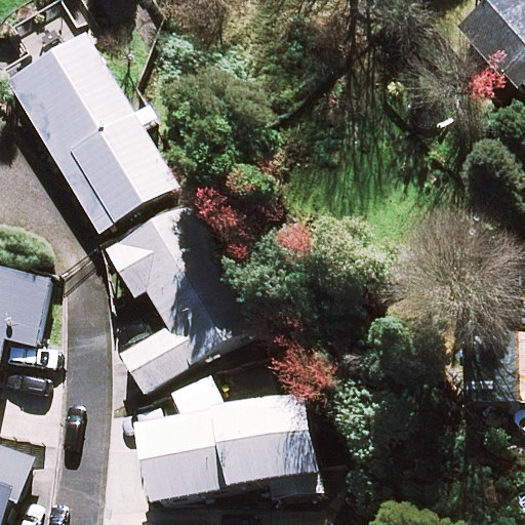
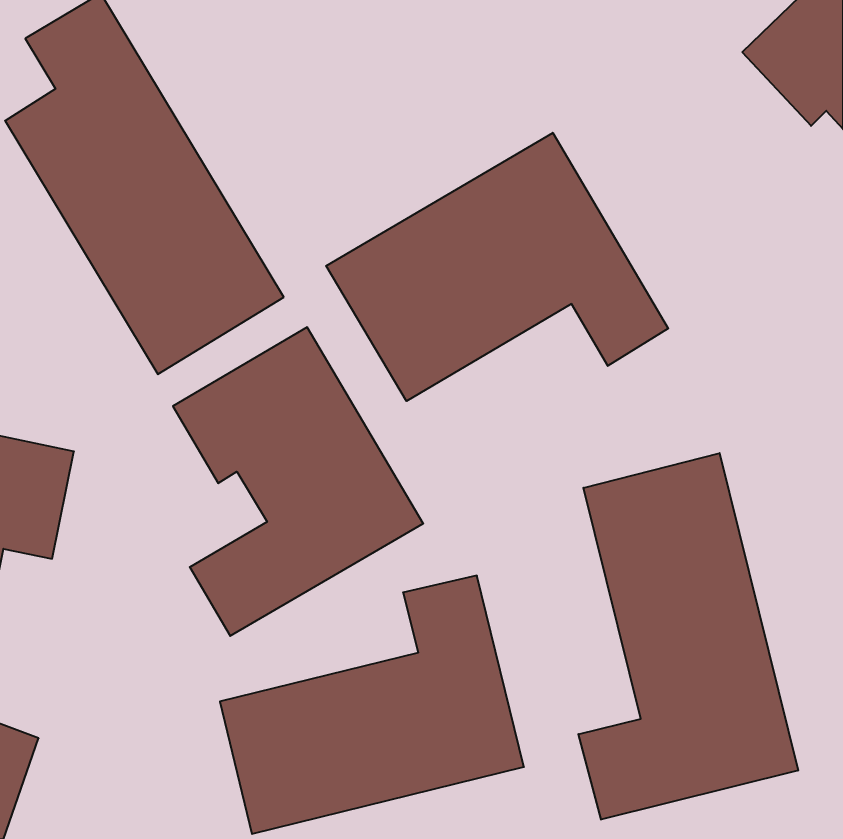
building: none -> [326,133,668,401]
building: none -> [578,453,798,820]

